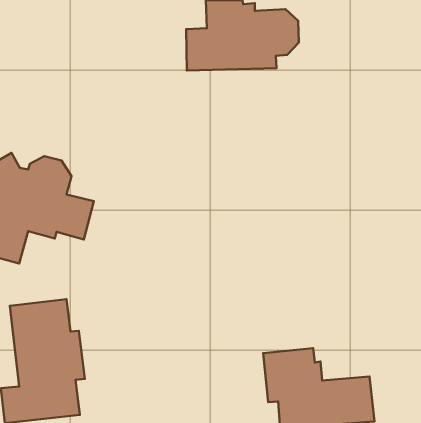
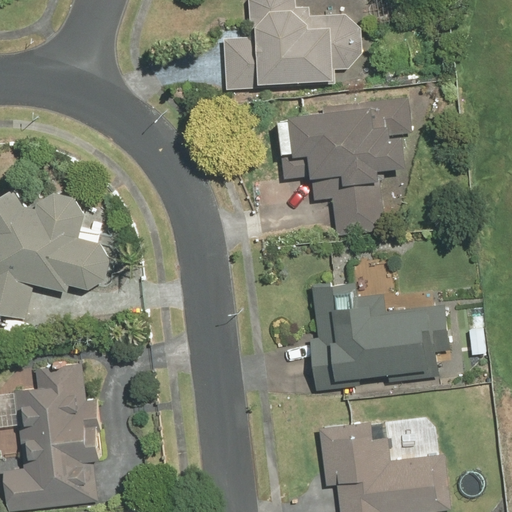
building: none -> [287,100,409,234]
building: none -> [309,281,449,388]

